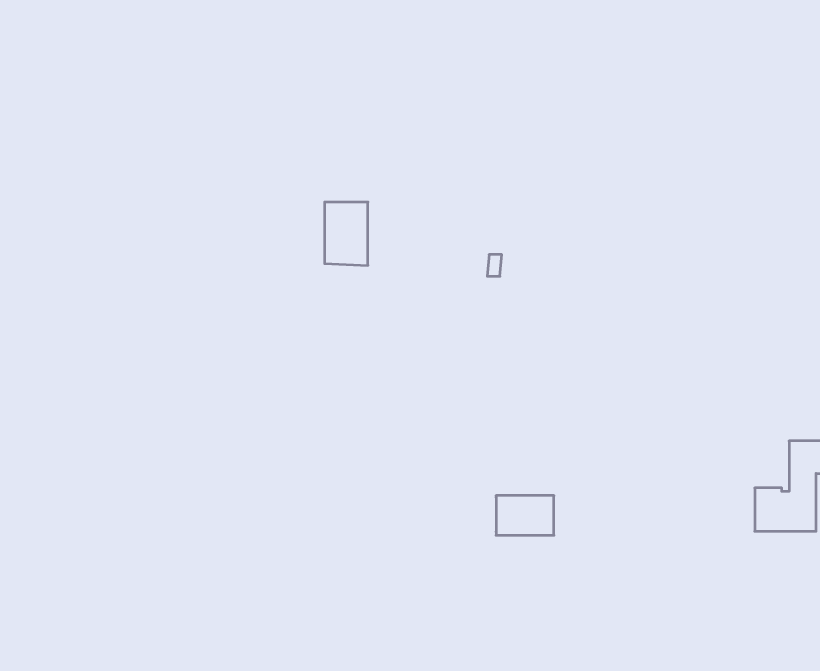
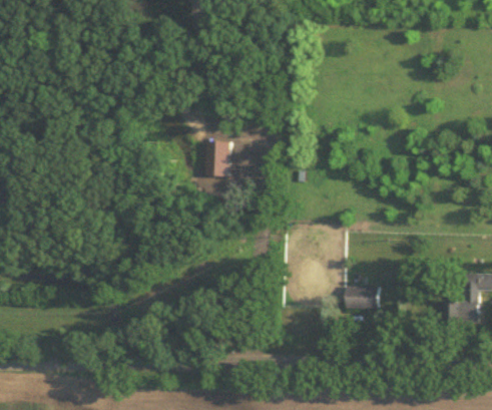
building: [496,496,554,535] -> [346,286,378,308]

